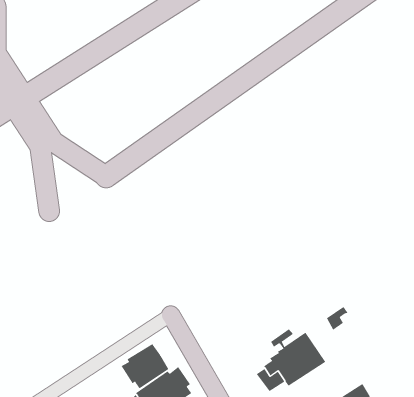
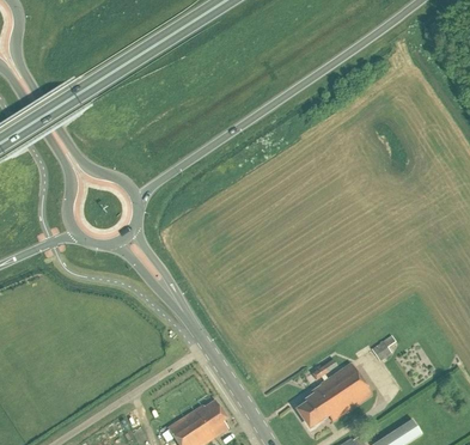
building: [121,343,169,389] -> none

